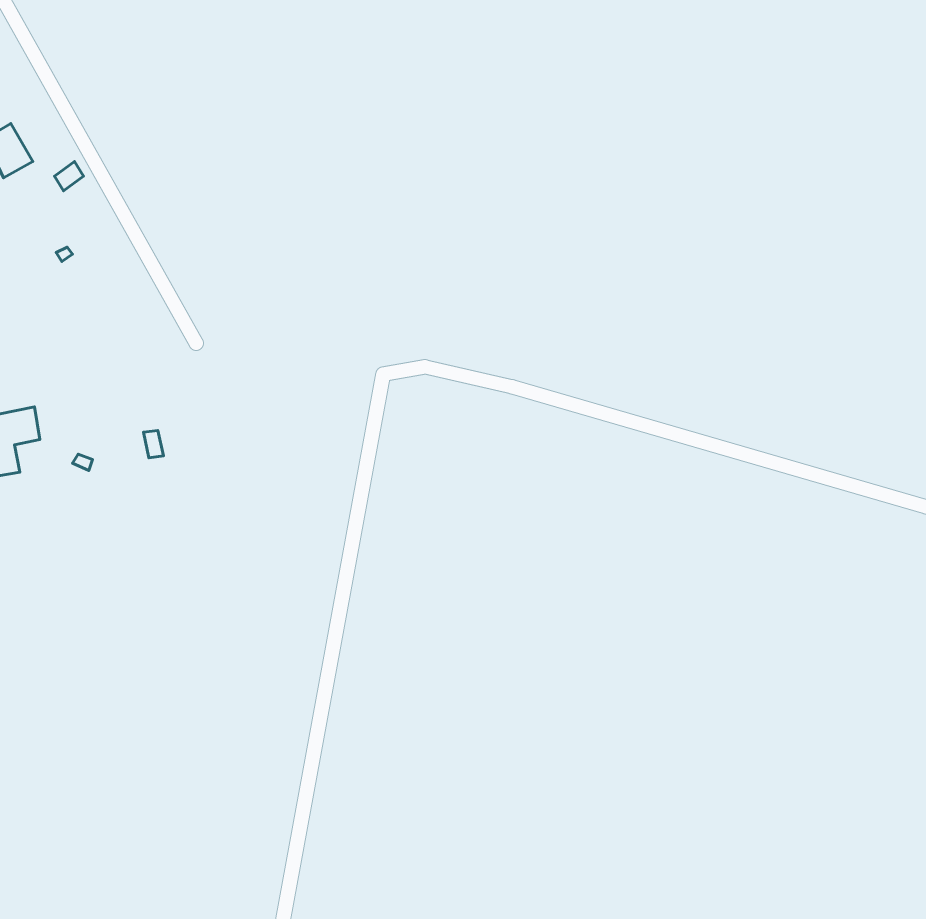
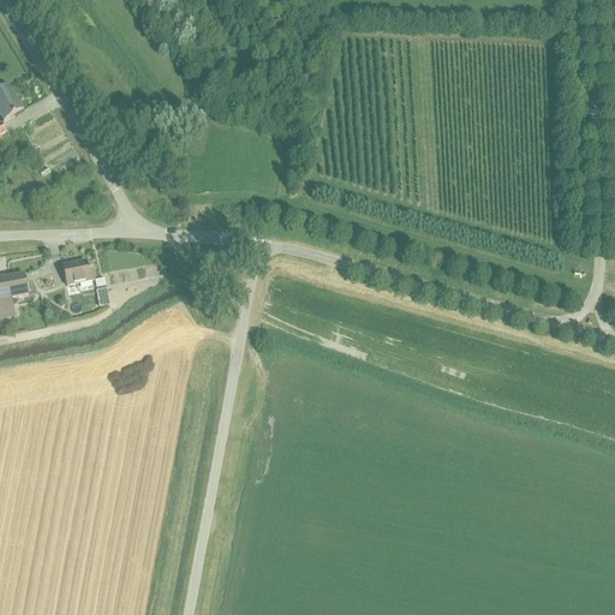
building: none -> [61,257,92,282]

